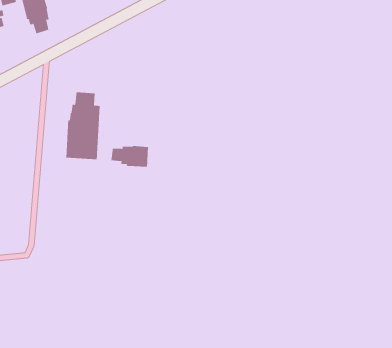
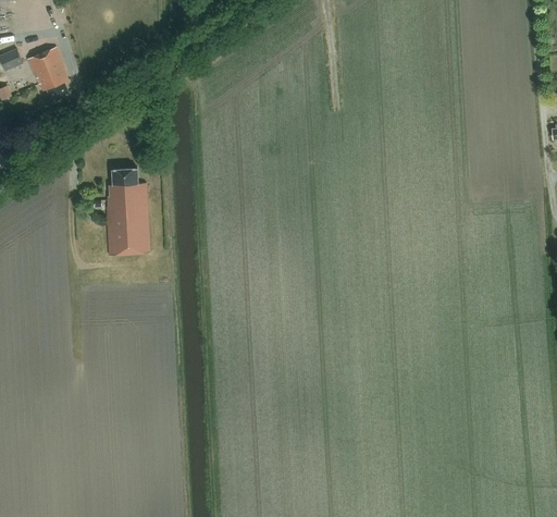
building: [111,145,149,167] -> none

